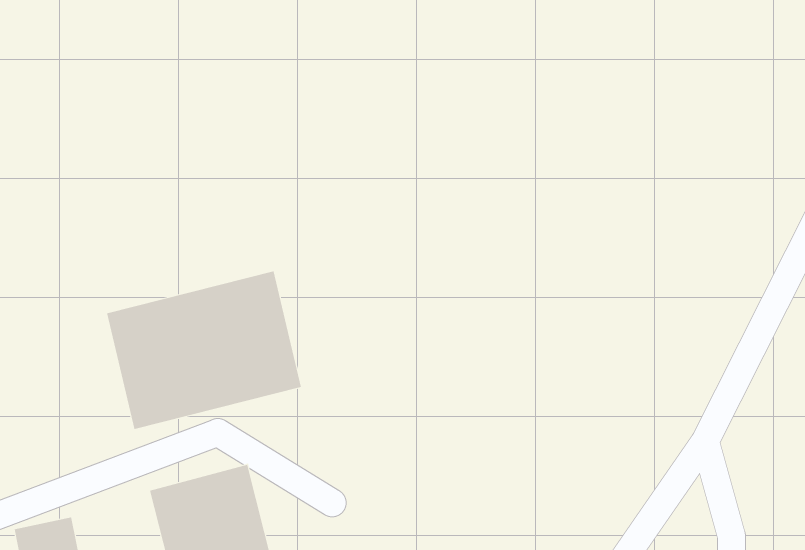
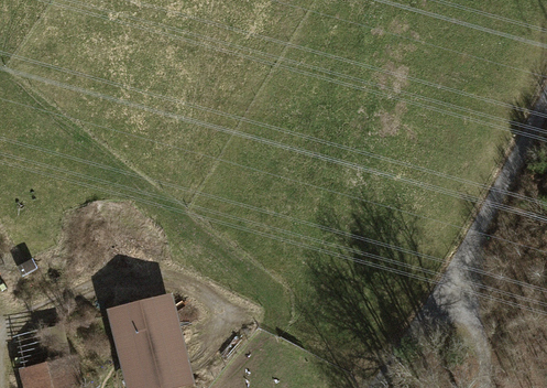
building: [106,270,302,430] -> none

